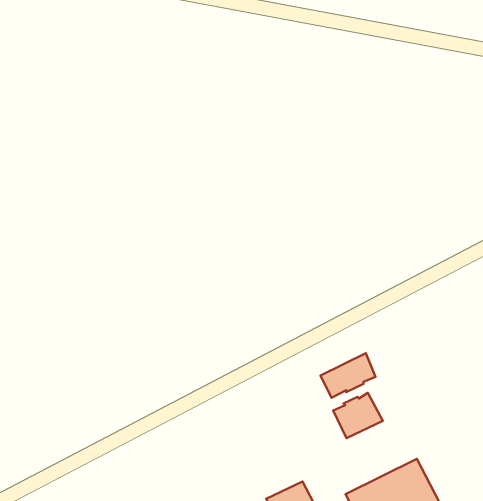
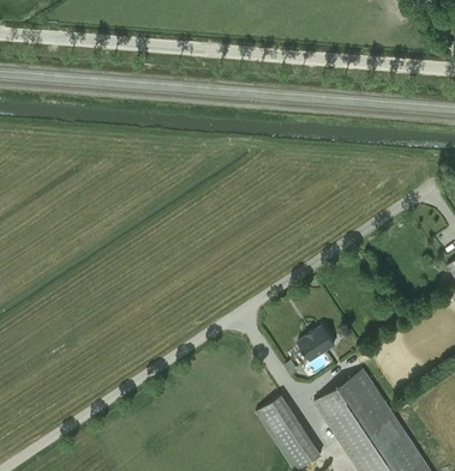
building: [320,353,376,398] -> none

